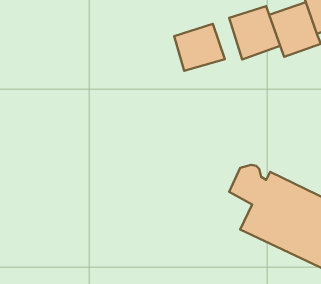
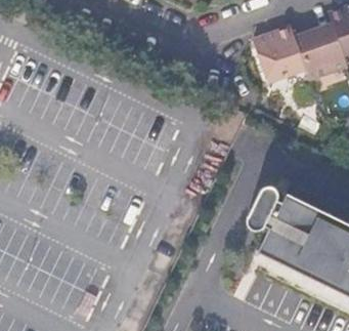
building: [174,24,225,71] -> none

